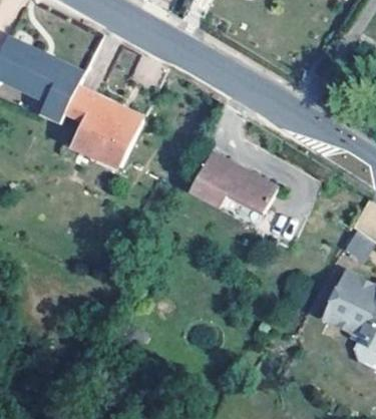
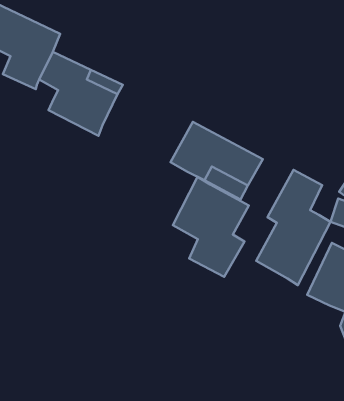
building: none -> [256,170,331,285]
building: none -> [173,177,249,277]

